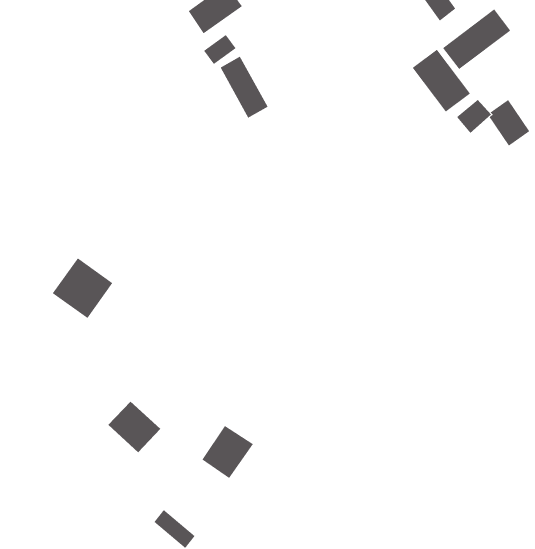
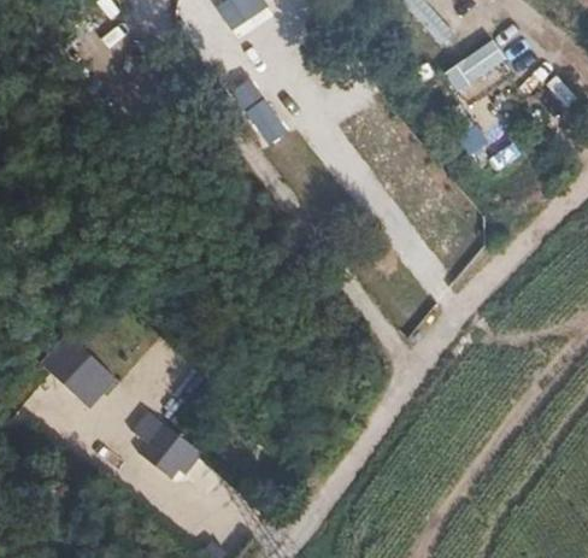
building: [412,49,471,113] -> none
building: [52,258,113,319] -> [60,350,118,407]
building: [202,425,254,479] -> [154,431,204,482]

